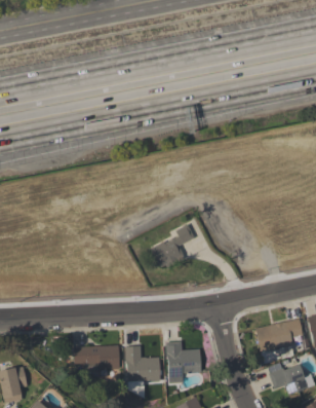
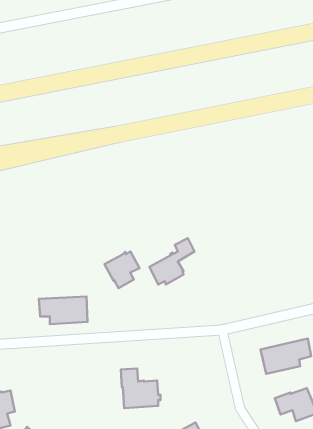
building: none -> [105,251,140,288]
building: [165,341,201,378] -> none
building: [74,344,119,370] -> [39,297,87,324]

